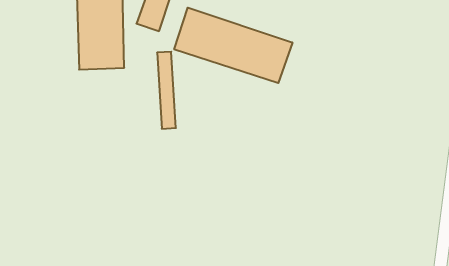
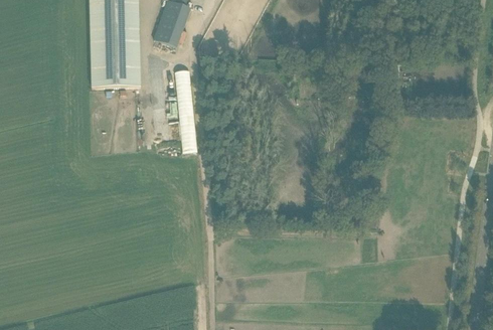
building: [174,8,292,83] -> none

